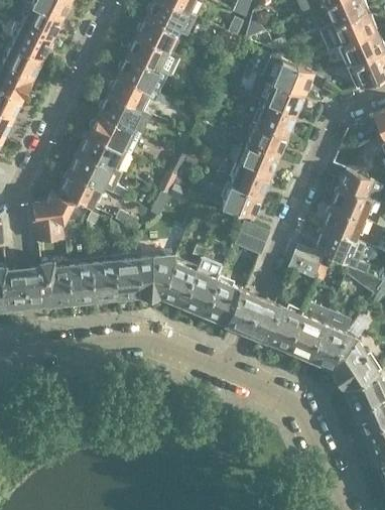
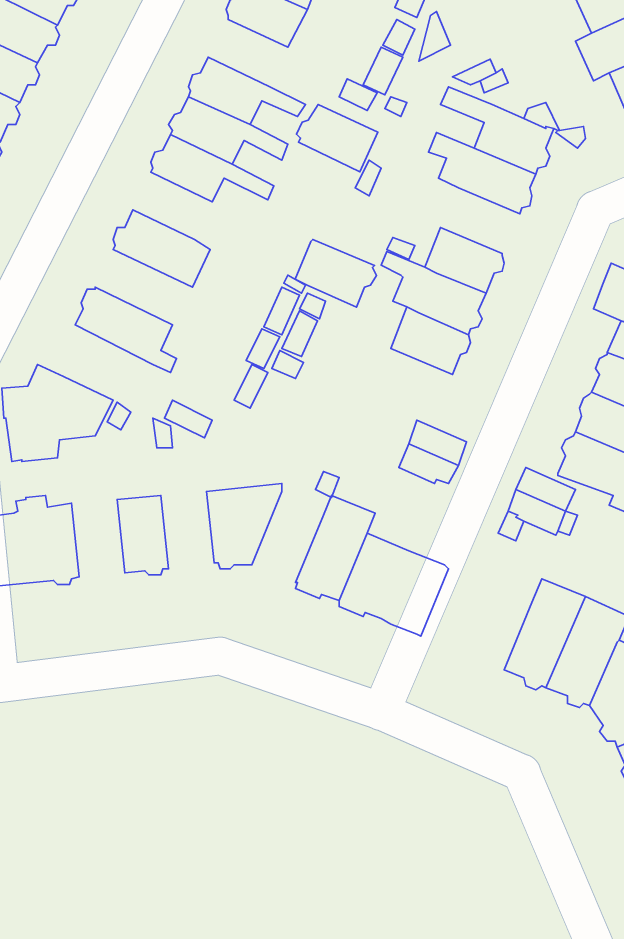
building: [136,19,177,53] -> [296,104,378,172]
building: [98,97,139,131] -> none
building: [255,105,295,138] -> none
building: [80,136,129,174] -> none
building: [59,174,101,210] -> none
building: [221,186,262,221] -> [295,240,376,307]
building: [113,258,140,299] -> none
building: [159,262,196,305] -> none
building: [68,263,95,304] -> none
building: [245,298,301,350] -> none

